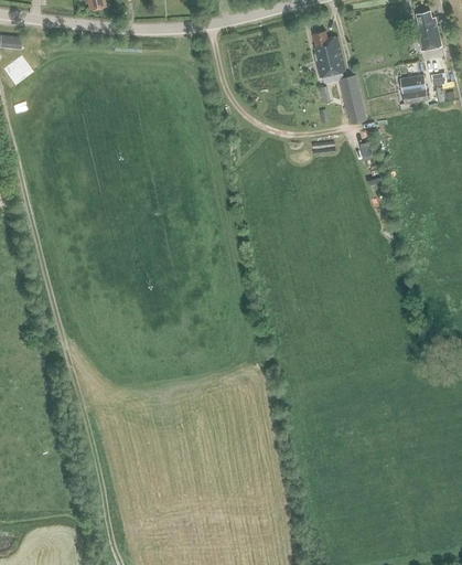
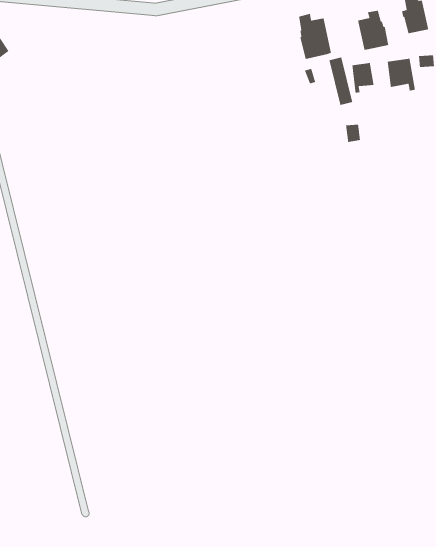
building: none -> [357,10,389,50]
building: none -> [352,62,374,94]

